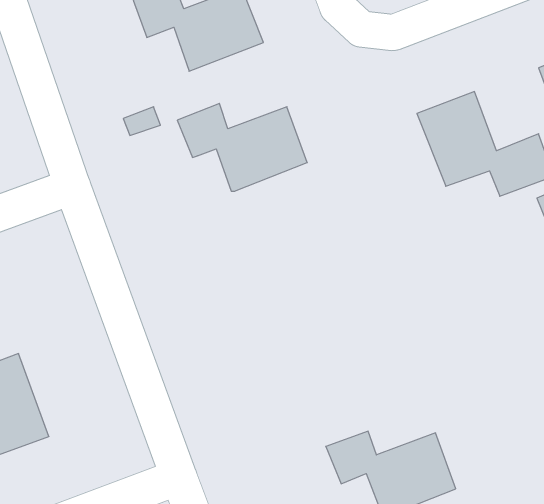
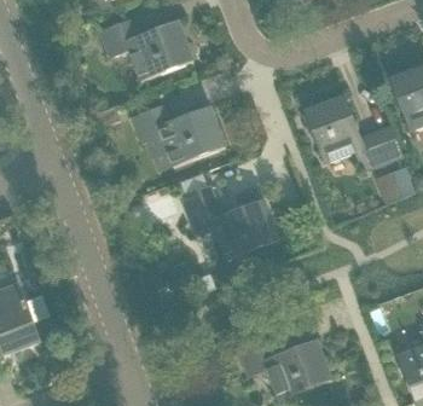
building: none -> [178,182,278,276]

